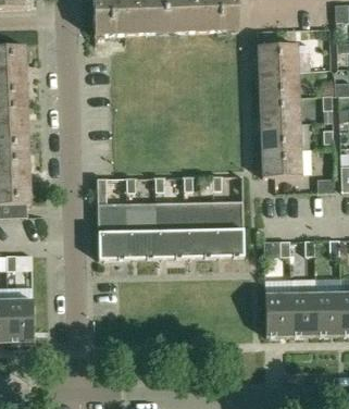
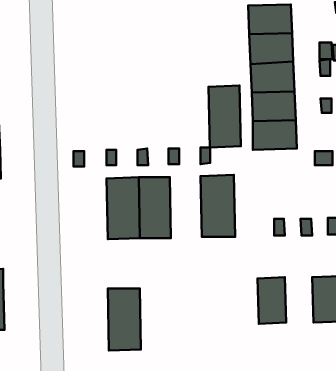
building: [185,200,214,257] -> [209,85,241,147]
building: [98,202,128,259] -> [108,289,141,351]
building: [290,293,316,334] -> none

